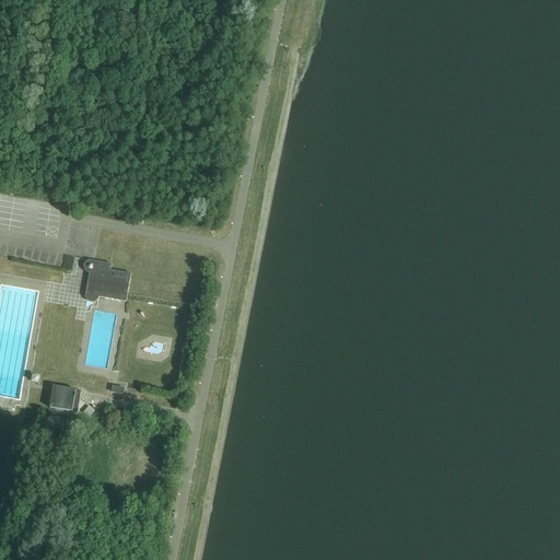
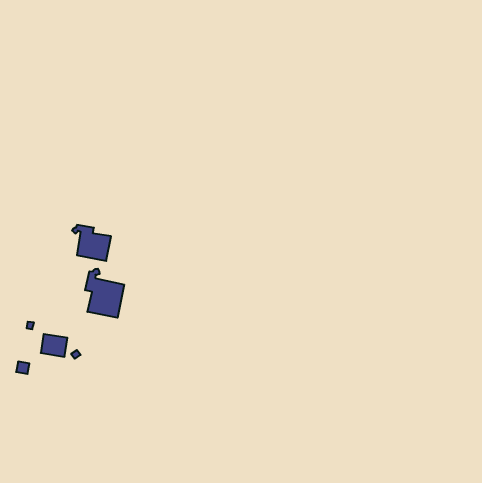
building: none -> [85,269,124,318]

